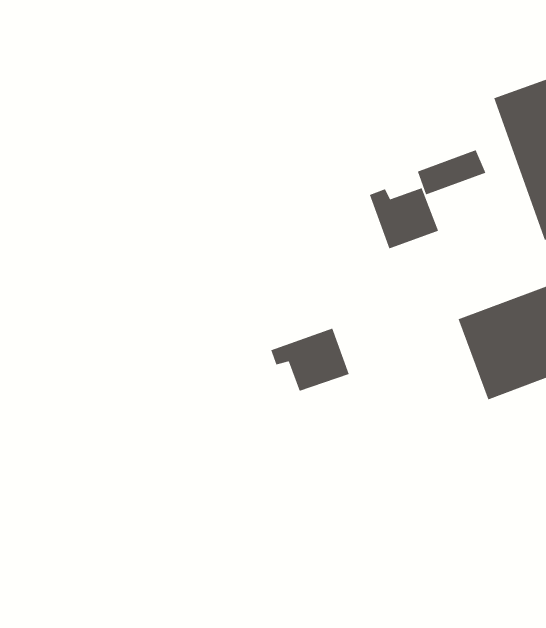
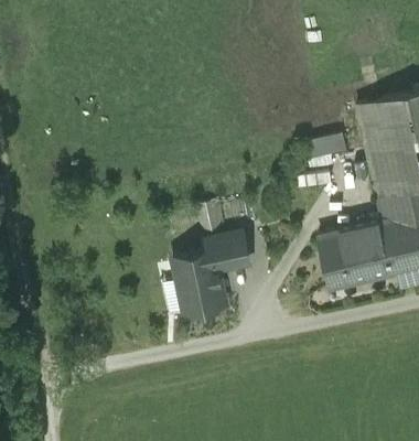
building: [369,187,439,250] -> none
building: none -> [173,251,225,314]

